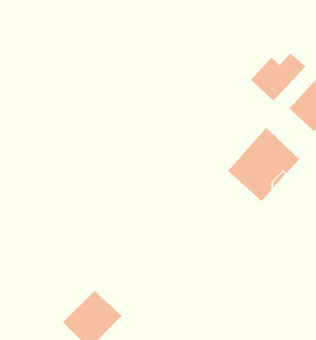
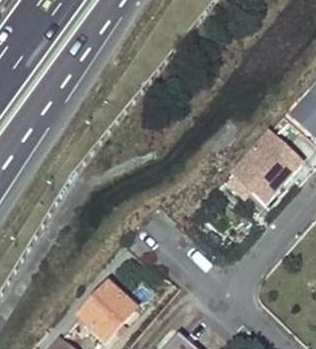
building: [250,53,306,102] -> none

